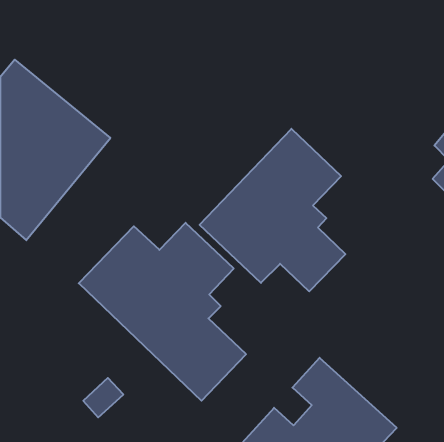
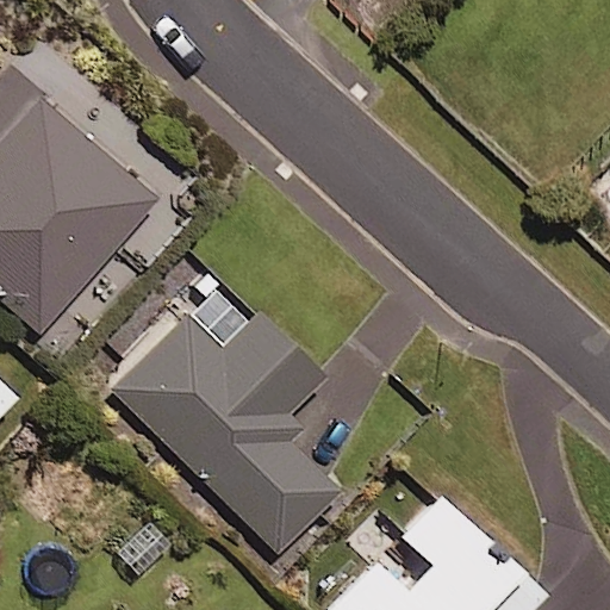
building: [200,129,345,291] -> none

